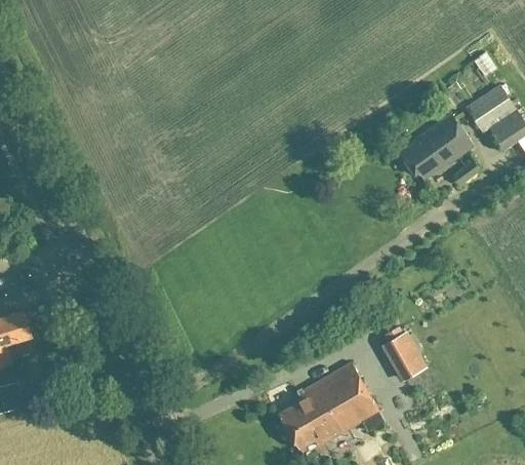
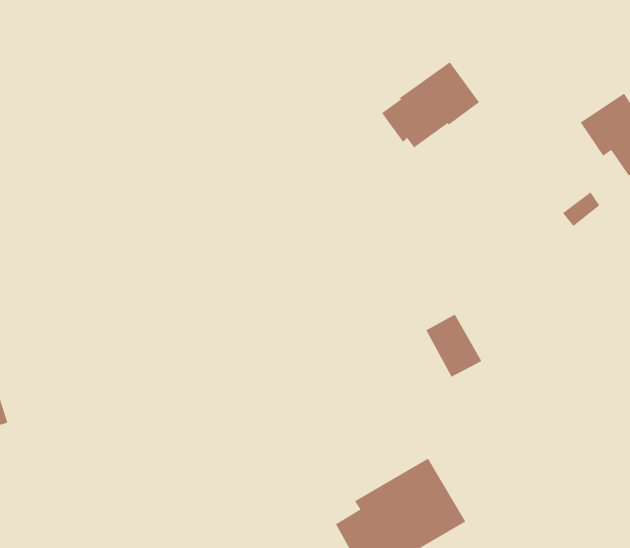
building: [398,115,473,181] -> [381,62,480,148]
building: [382,325,426,374] -> [425,314,482,377]

